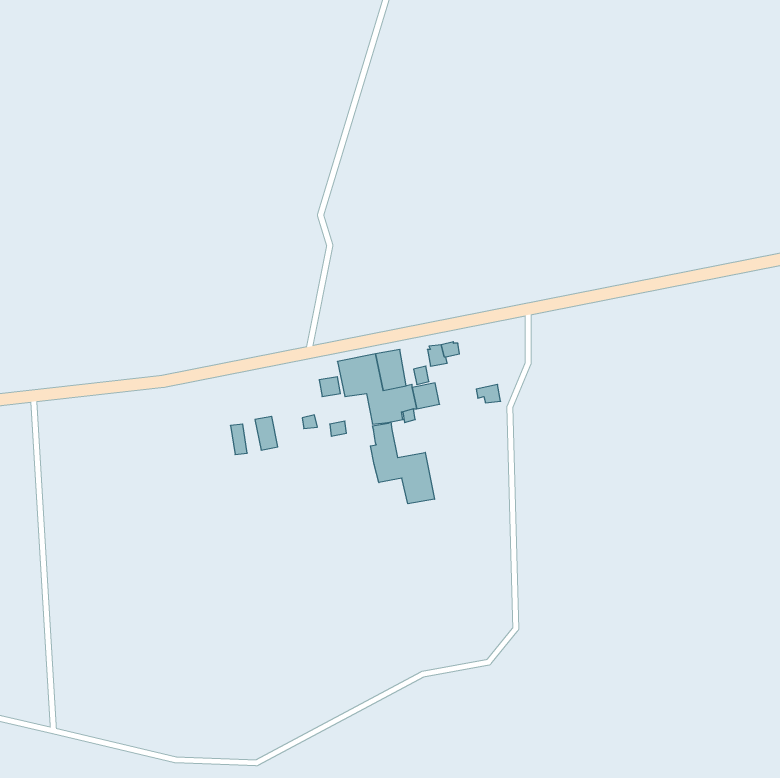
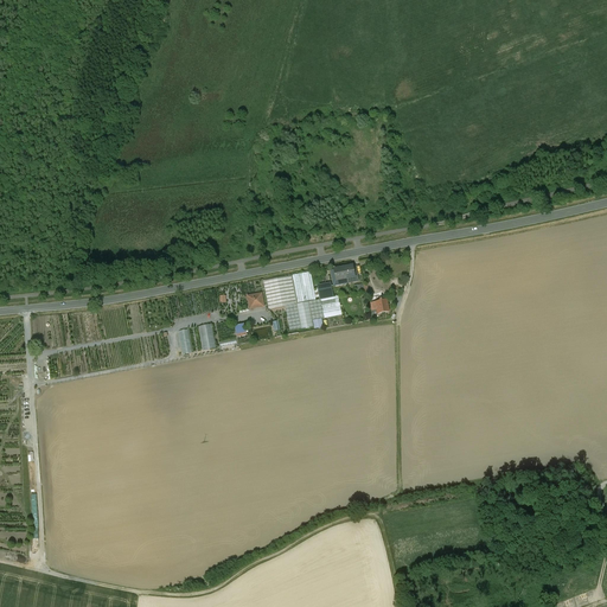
building: [370,422,435,504] -> none

